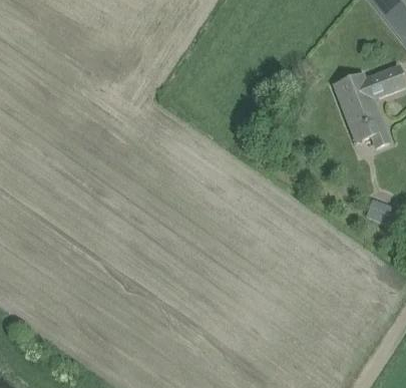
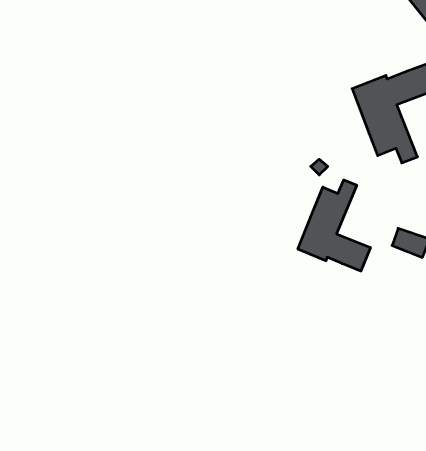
building: none -> [298,180,370,271]

